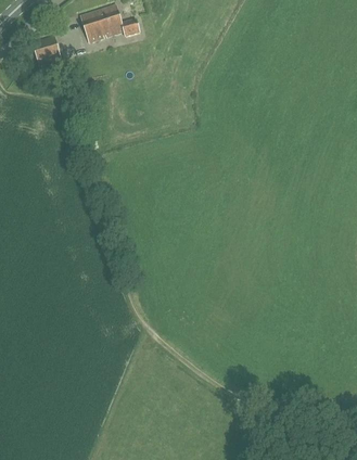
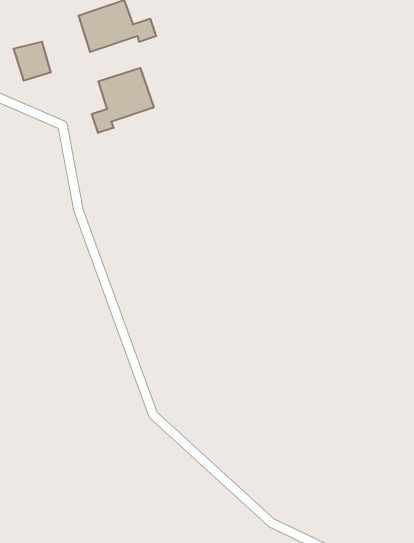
building: none -> [92,68,154,133]

